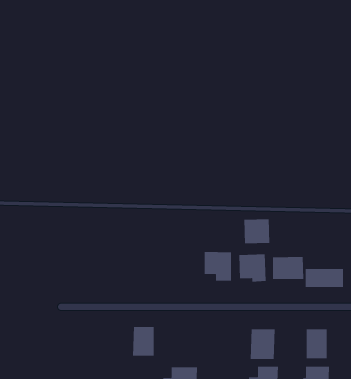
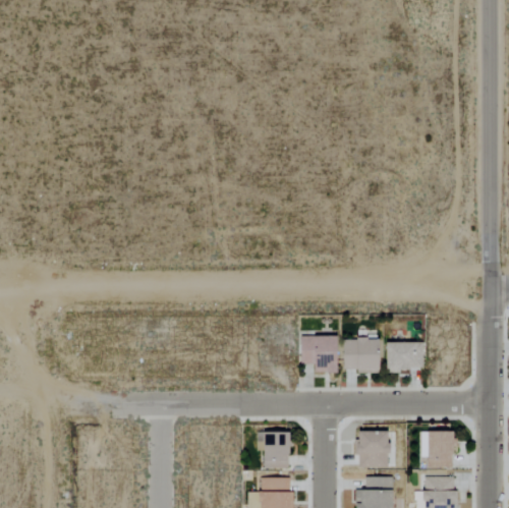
building: [244,218,270,244] -> none
building: [305,268,344,288] -> none
building: [132,326,155,356] -> [262,433,289,469]

